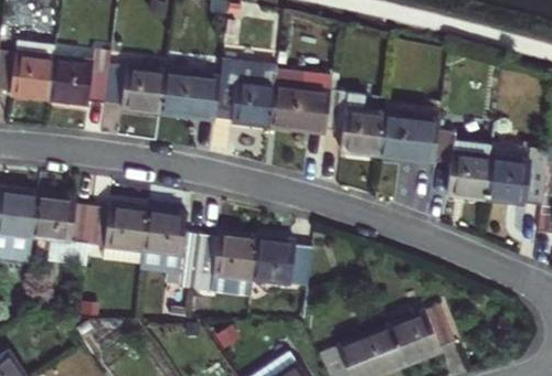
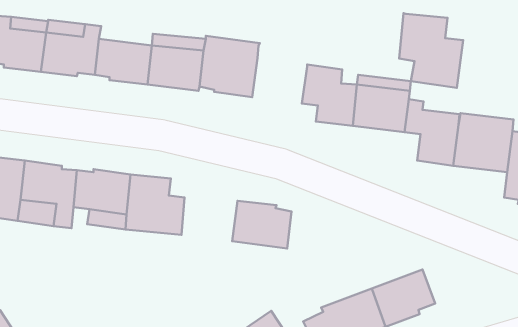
building: none -> [399,13,463,88]
building: [267,73,326,133] -> none
building: [191,230,252,292] -> none

